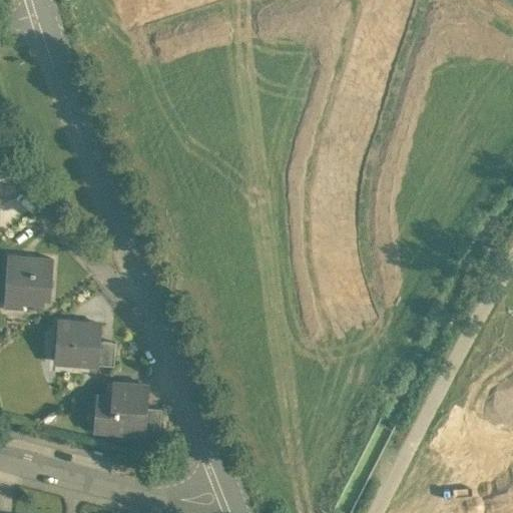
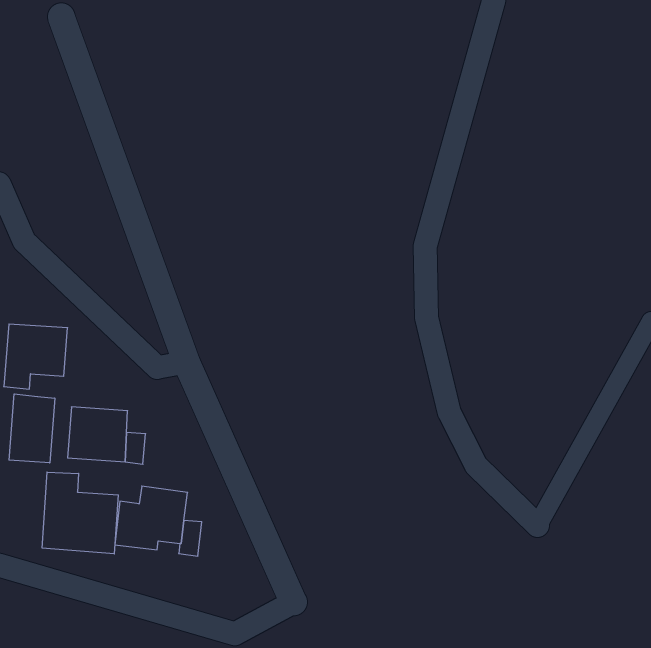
building: none -> [9,394,55,463]
building: none -> [42,472,118,554]

